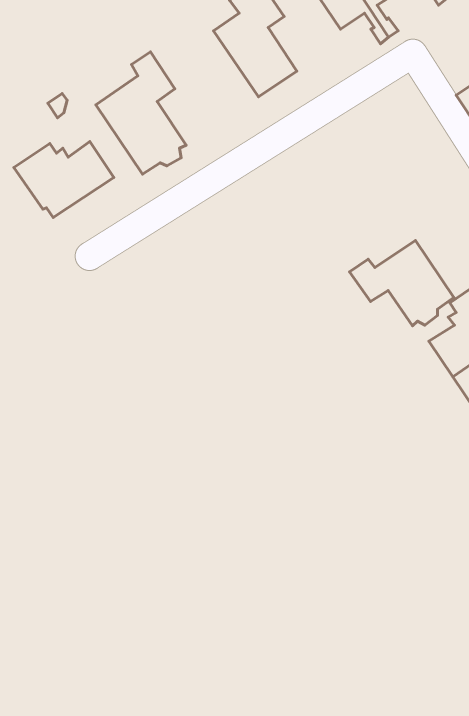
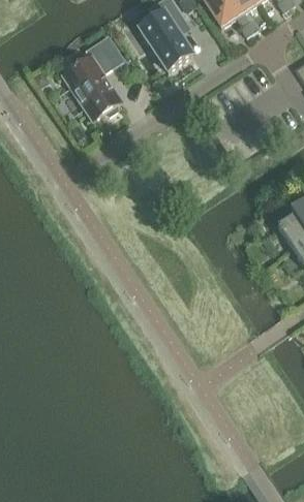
building: [14,141,114,218] -> none
building: [350,241,454,326] -> none

